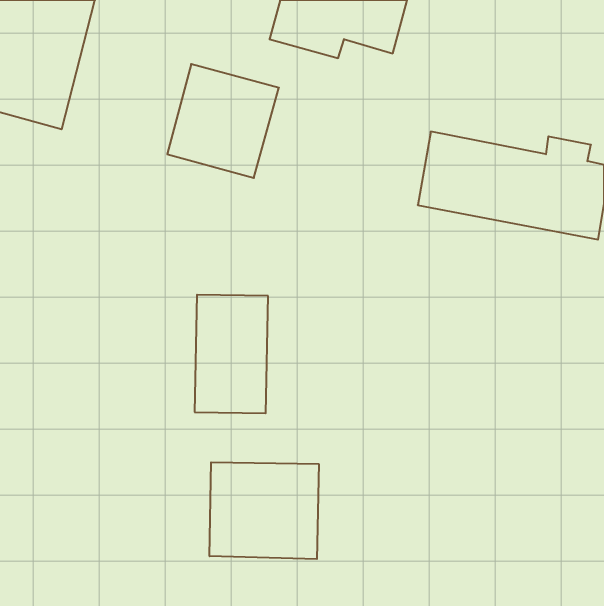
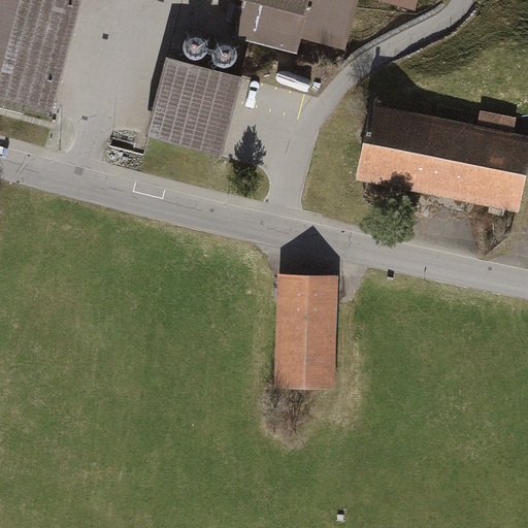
building: [195,295,268,413] -> [273,280,337,384]
building: [210,462,319,559] -> none

